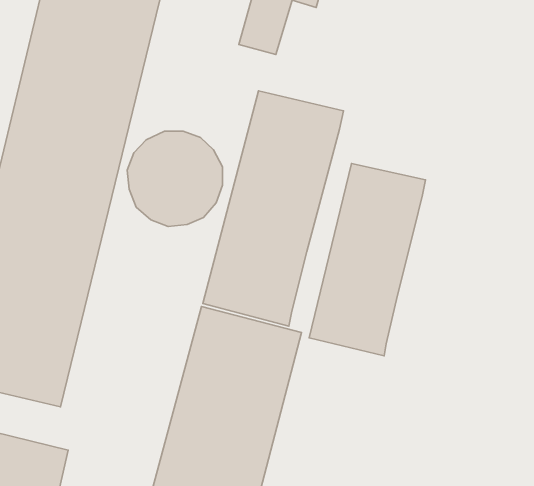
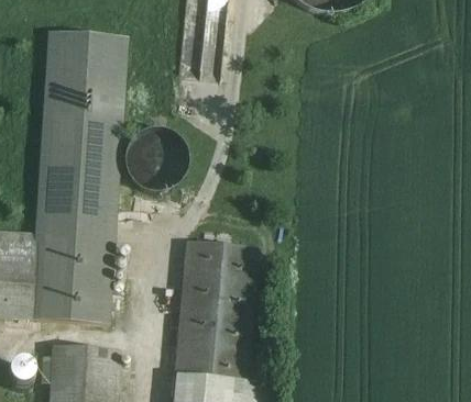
building: [203,91,343,326] -> none
building: [309,164,426,356] -> none

